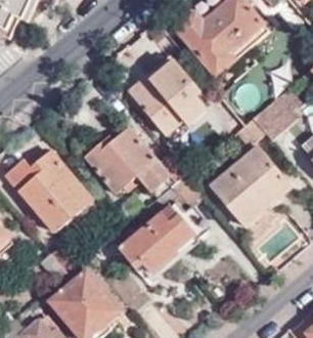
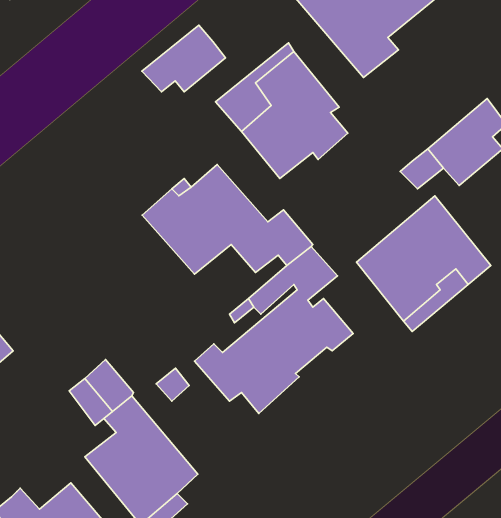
building: none -> [142,25,225,92]
building: [6,152,92,231] -> none

